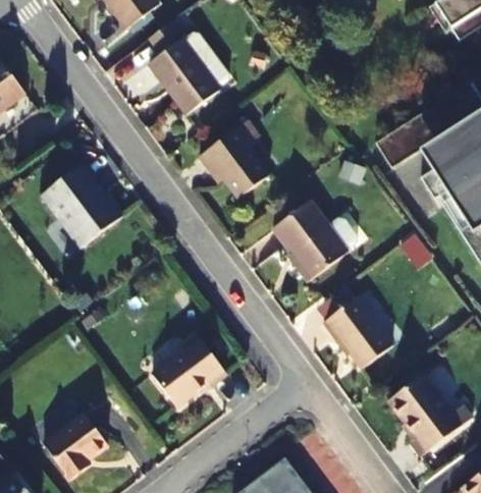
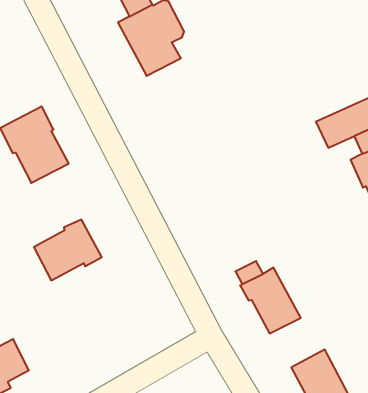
building: [199,122,268,200] -> none
building: [272,201,356,279] -> none
building: [157,340,230,409] -> [34,220,102,280]

